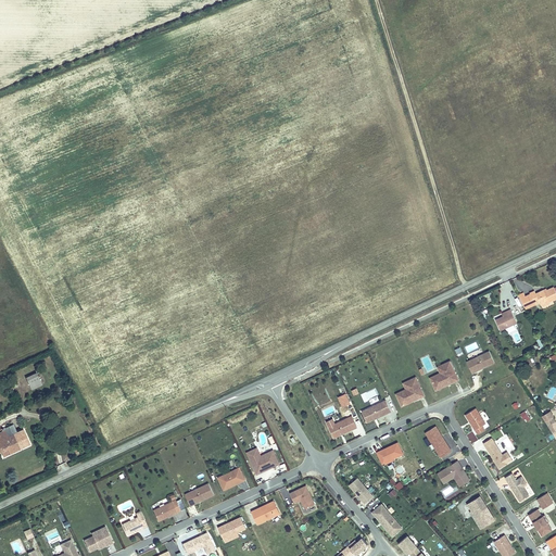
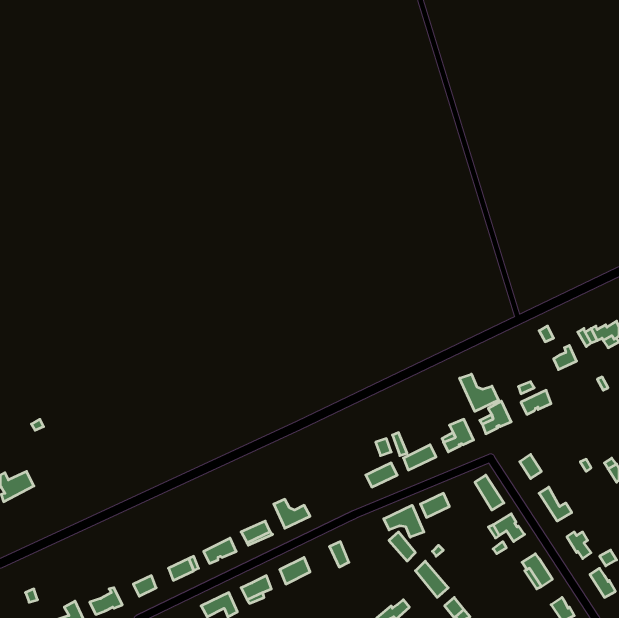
building: none -> [460,374,499,411]
building: none -> [384,505,424,537]

